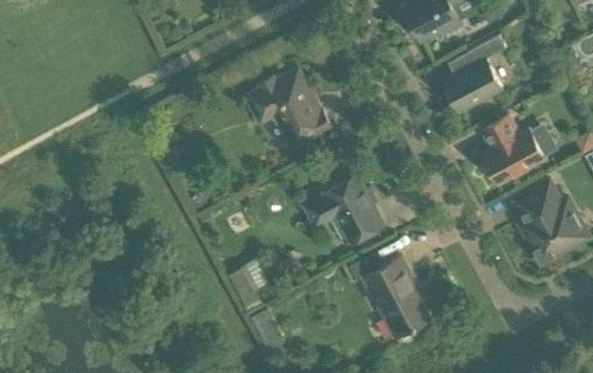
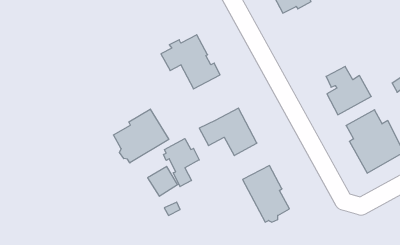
building: [444,36,506,112] -> none
building: none -> [113,109,169,163]
building: none -> [164,139,199,187]

